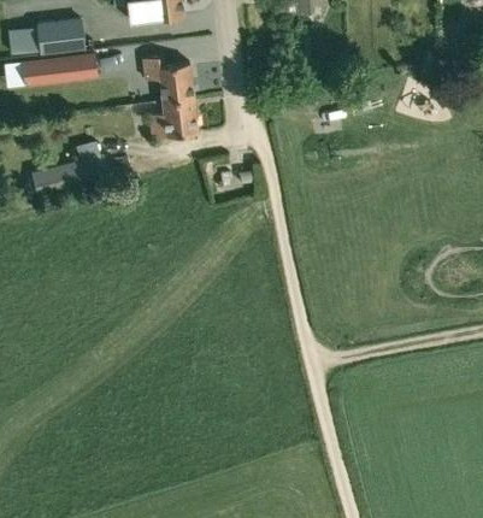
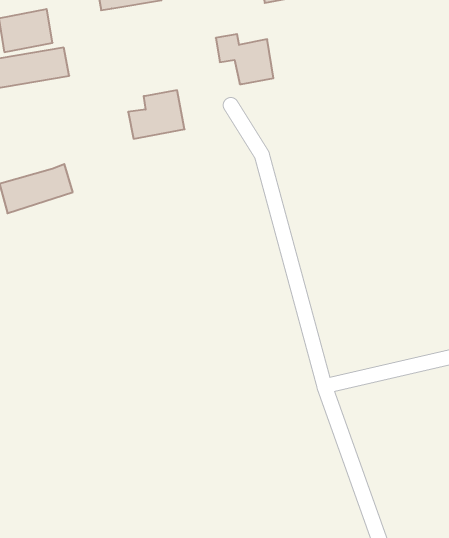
building: [145,55,194,100] -> [216,34,273,84]

